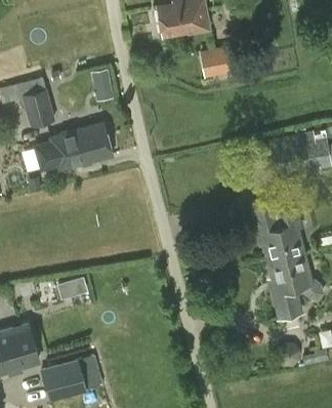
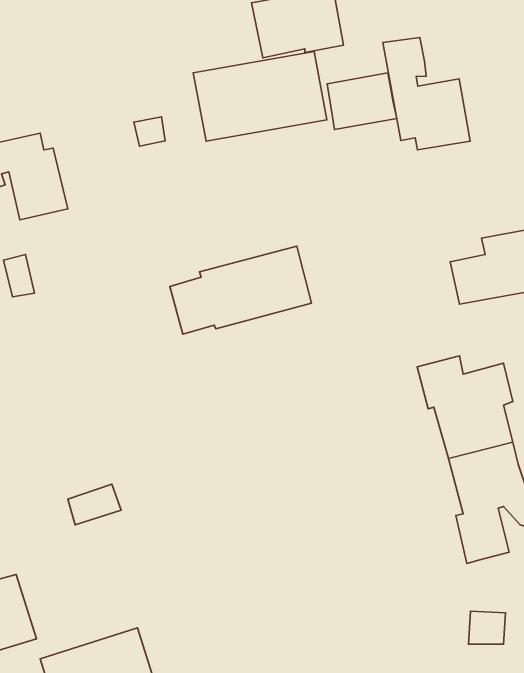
building: none -> [383,37,470,150]
building: none -> [193,51,327,141]
building: [34,123,113,172] -> [170,246,312,334]

